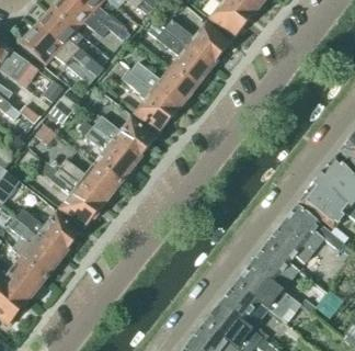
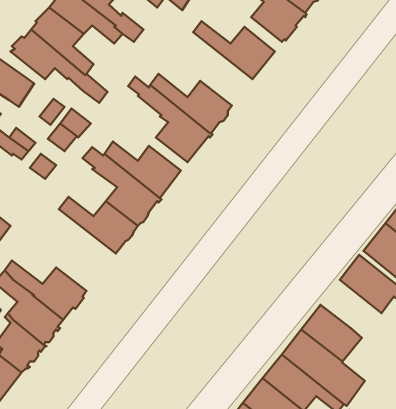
building: [148,22,211,87] -> none
building: [49,169,104,227] -> none
building: [265,225,313,264] -> none

